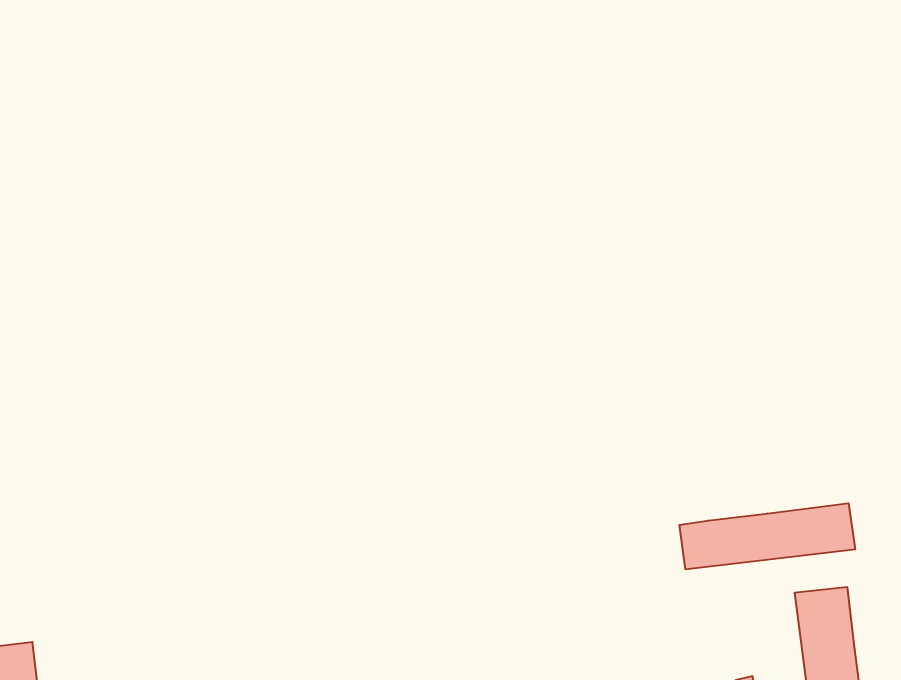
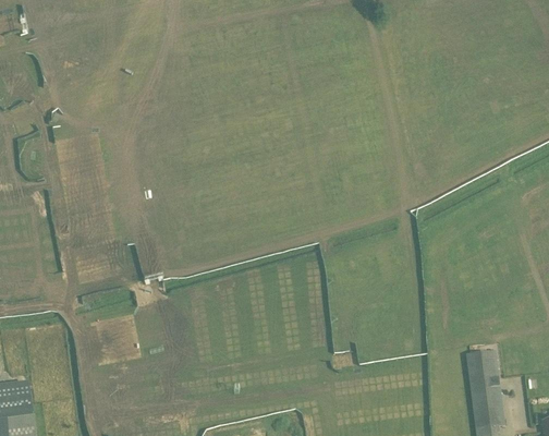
building: [679,503,855,569] -> none

